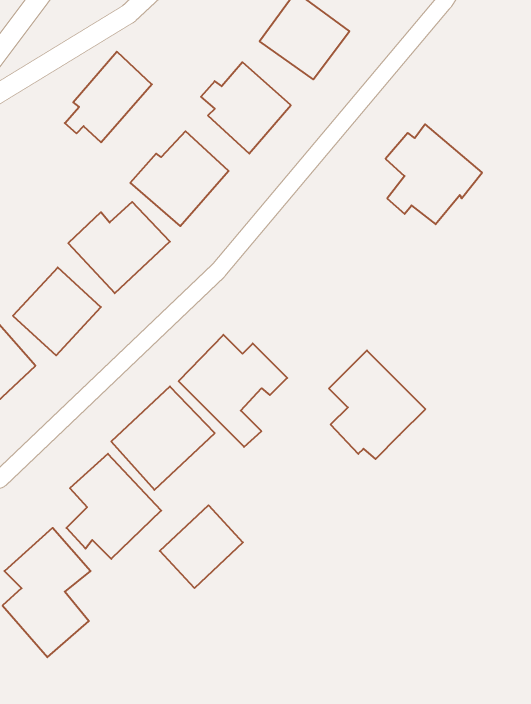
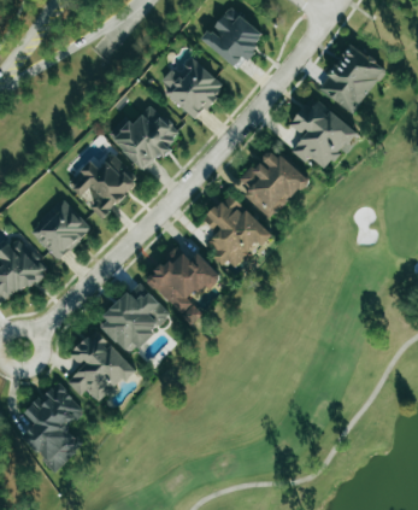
building: none -> [318,42,385,113]
building: [65,52,152,142] -> none
building: none -> [241,147,307,219]
building: [329,350,425,459] -> [204,192,271,268]
building: [160,505,243,588] -> none

